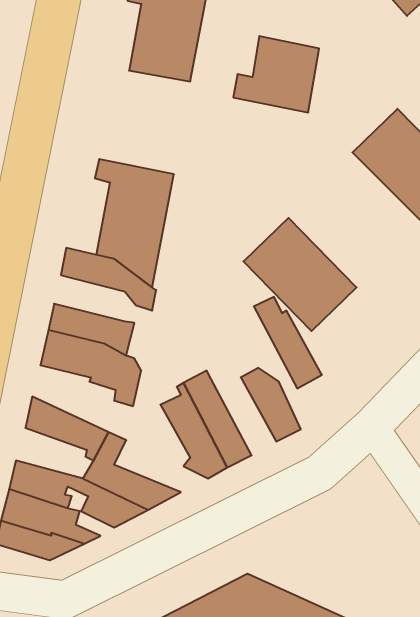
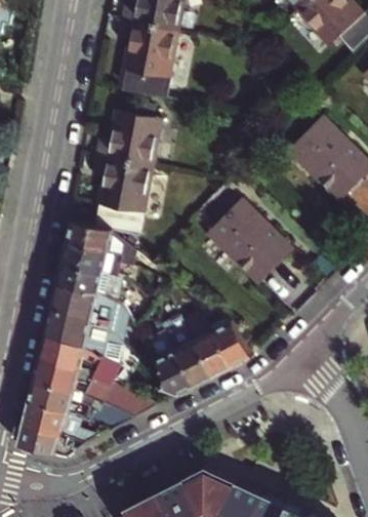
building: [233,36,319,112] -> [95,110,160,167]
building: none -> [62,243,135,278]
building: [254,297,322,388] -> [177,310,229,379]
building: none -> [45,311,121,367]
building: none -> [33,358,91,396]

